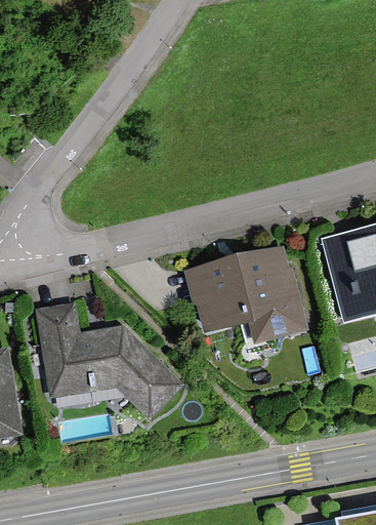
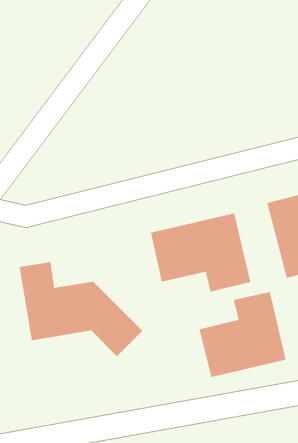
building: none -> [199,291,286,378]

